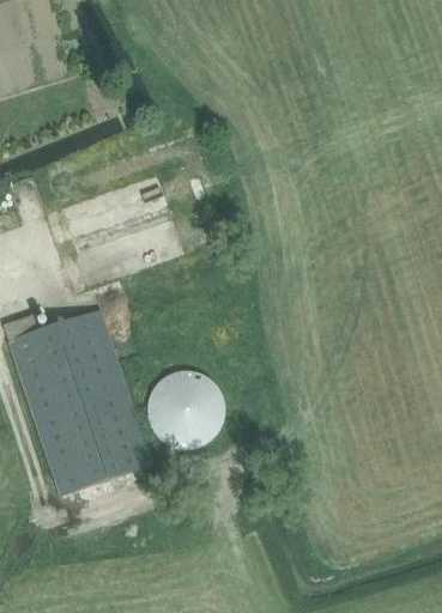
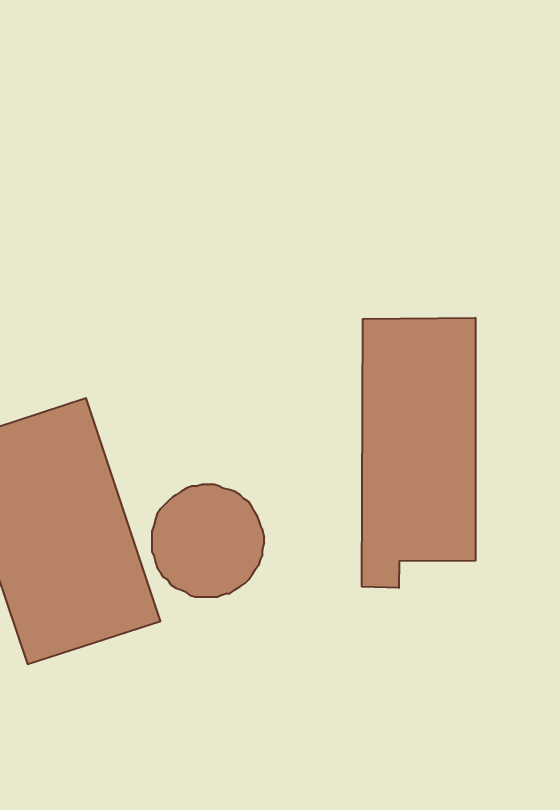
building: none -> [362,318,475,588]

